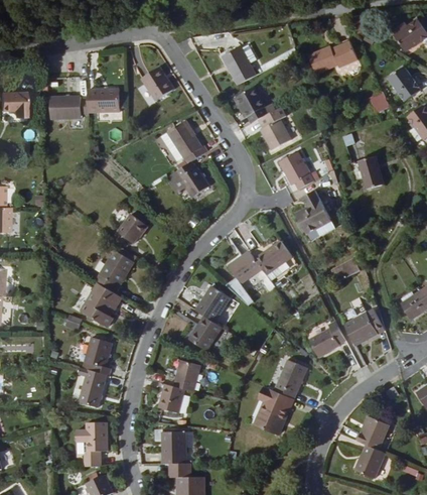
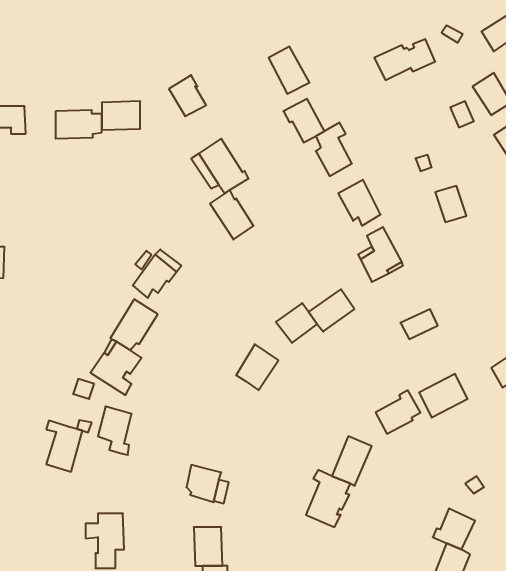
building: [189,316,224,351] -> none
building: [169,359,201,392] -> none
building: [77,366,106,407] -> [46,421,82,472]

